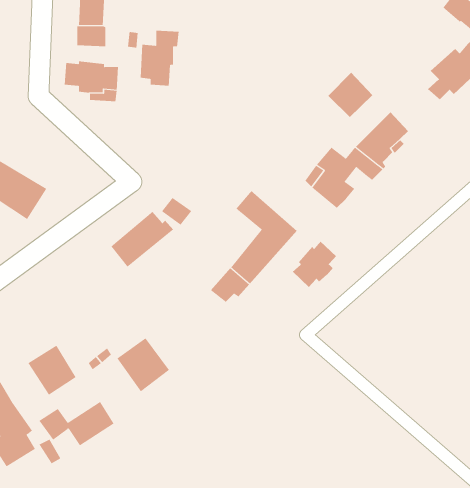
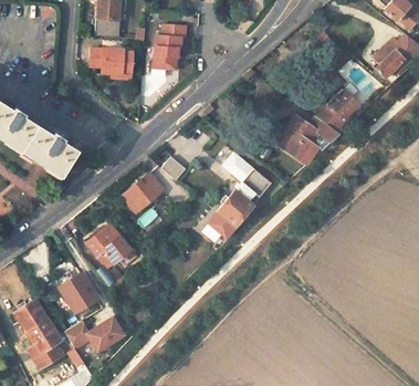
building: [327,72,373,118] -> none
building: [292,241,337,288] -> none
building: [116,337,170,392] -> [87,225,129,268]

